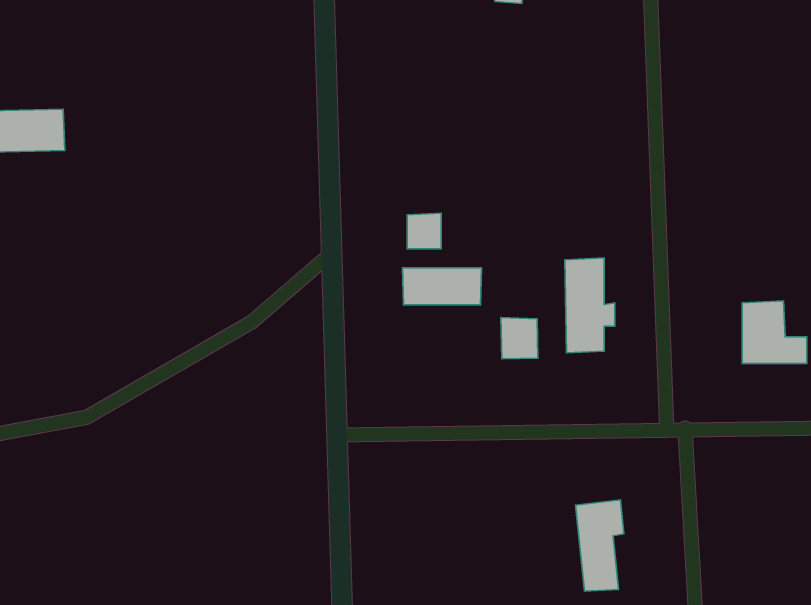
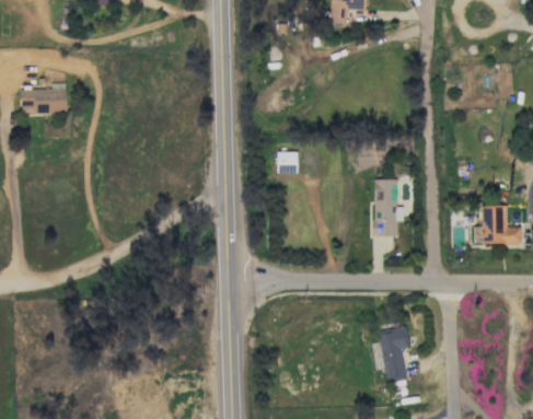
building: [402,268,481,305] -> none
building: [501,318,538,359] -> none

